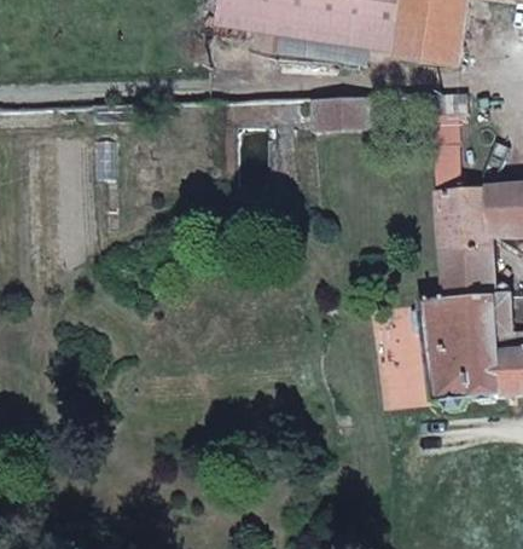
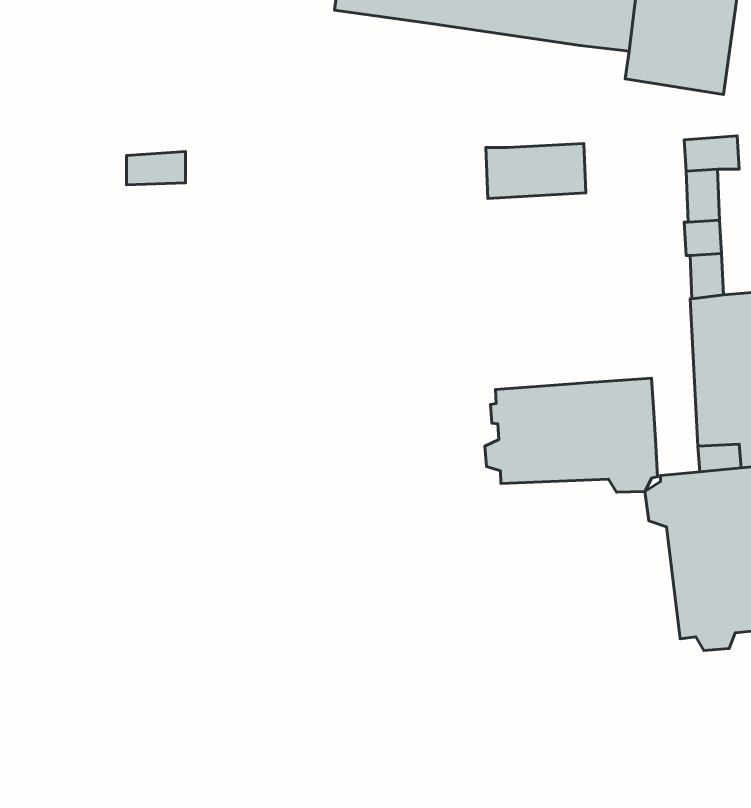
building: [277,22,372,62] -> none
building: none -> [485,378,657,492]

